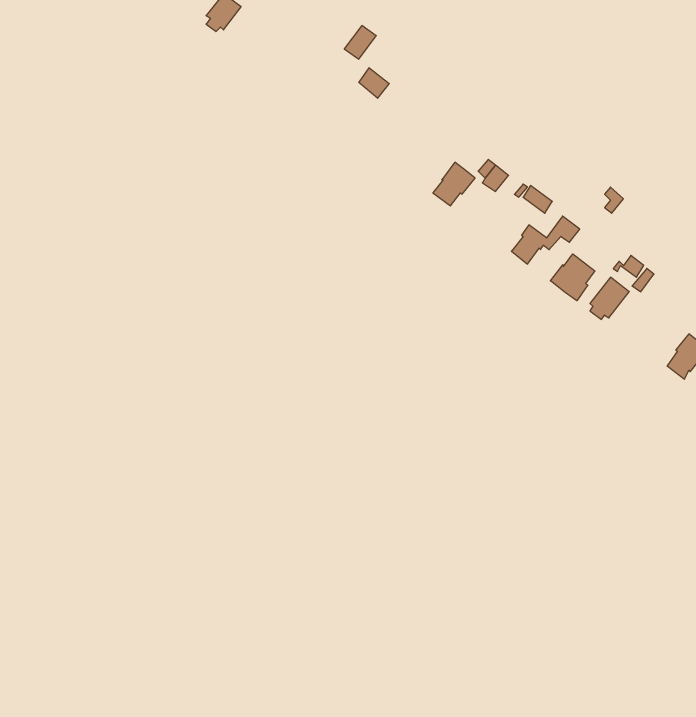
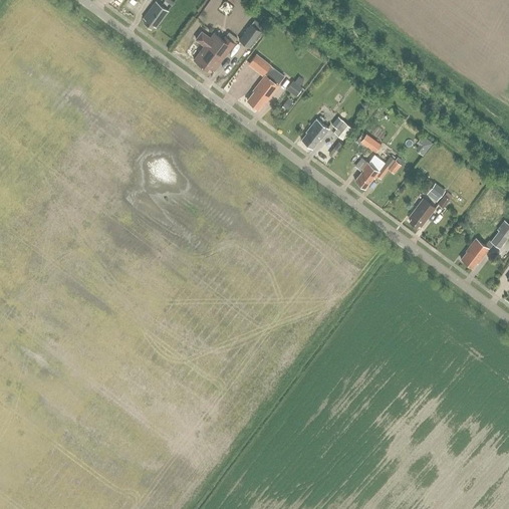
building: none -> [192,32,233,70]
building: none -> [246,75,277,109]
building: [550,254,595,301] -> none

